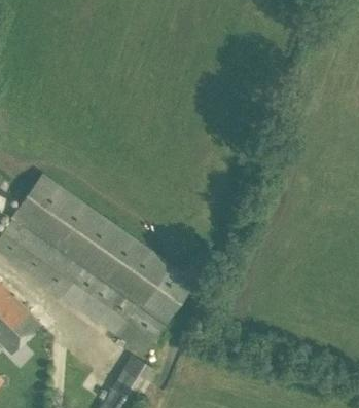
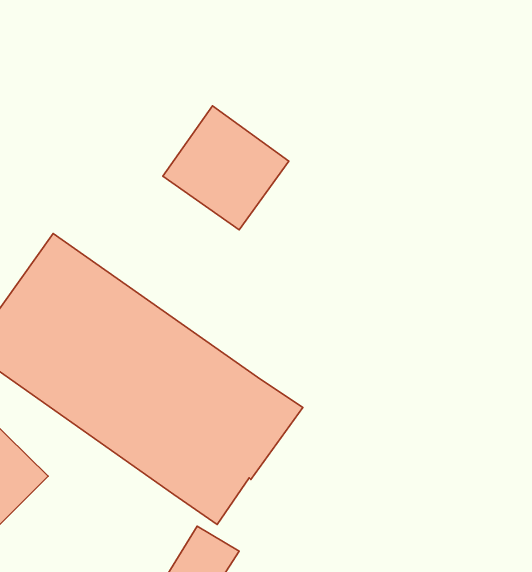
building: none -> [163,106,289,230]

